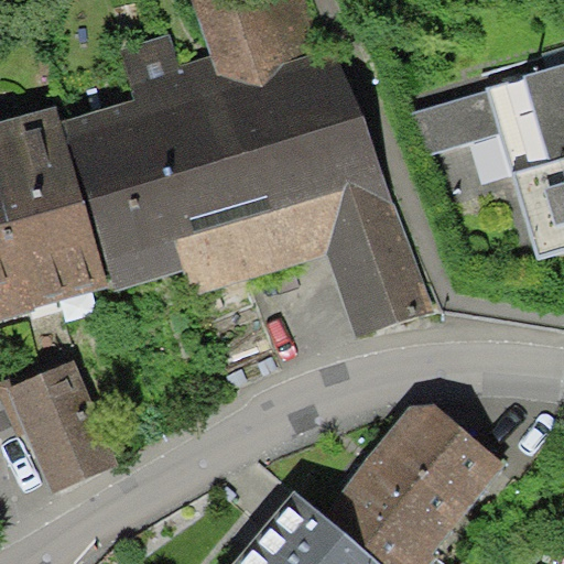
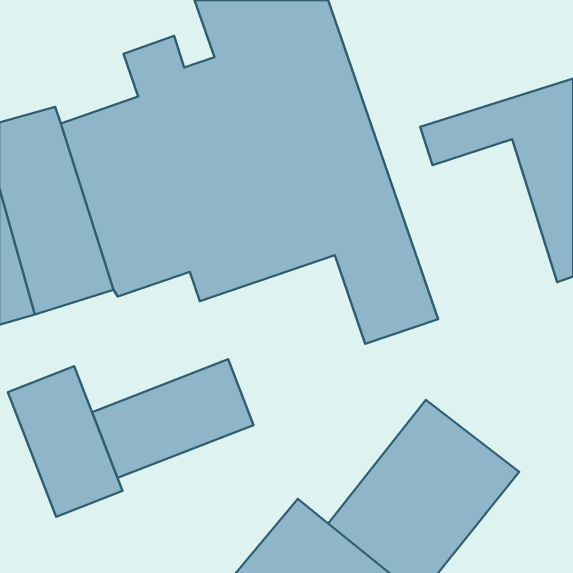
building: none -> [92,359,254,478]

